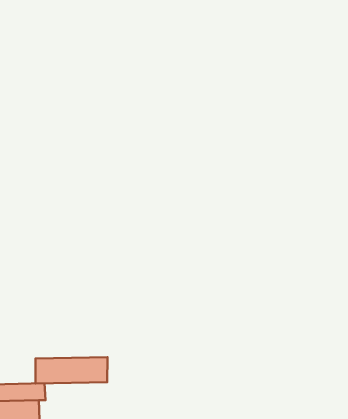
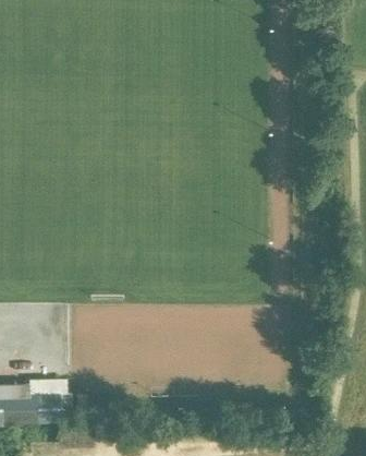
building: [35,357,107,383] -> none

